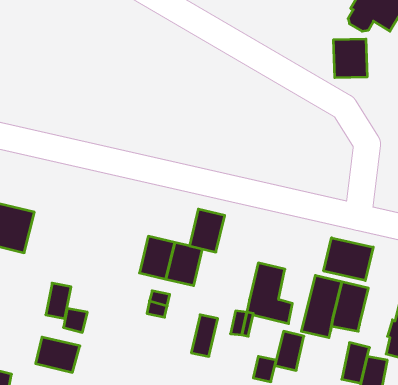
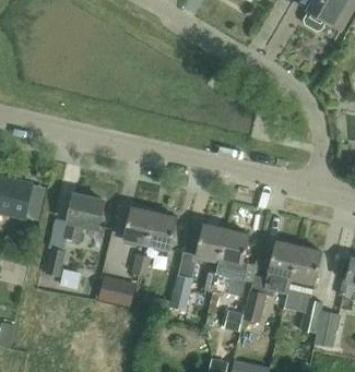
building: [334,39,367,78] -> none
building: [189,209,225,252] -> [196,225,226,262]
building: none -> [64,194,105,240]
building: [324,238,373,281] -> none
building: [36,337,80,372] -> [96,277,134,308]

